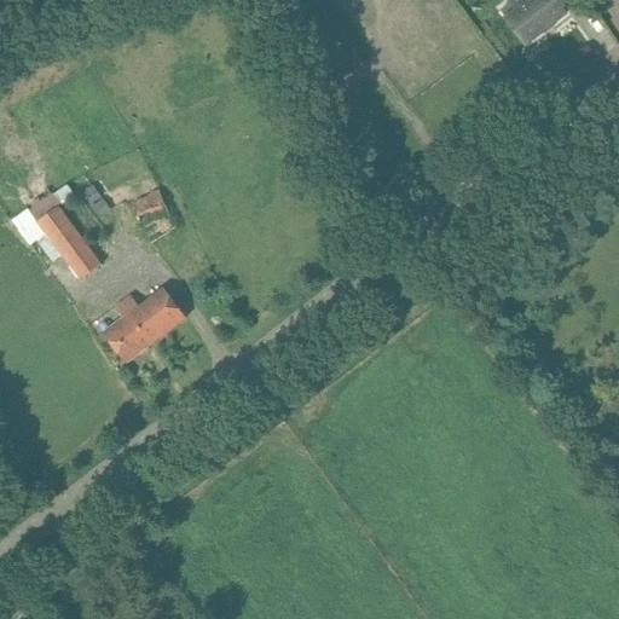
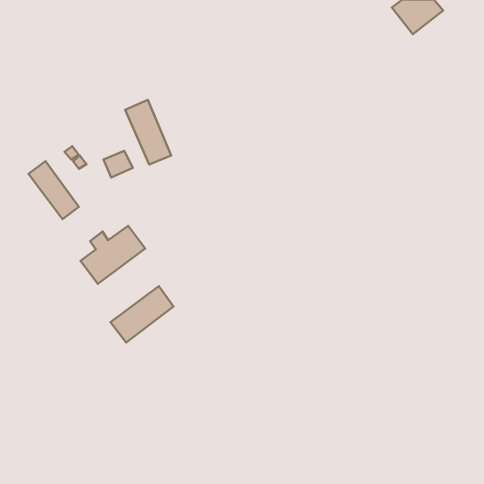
building: none -> [125,100,171,164]
building: none -> [110,286,173,343]

